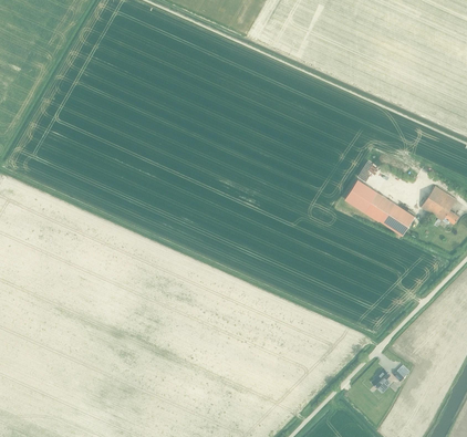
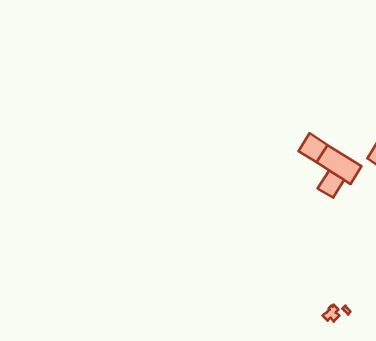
building: none -> [318,170,344,198]

